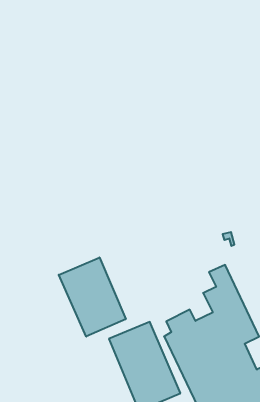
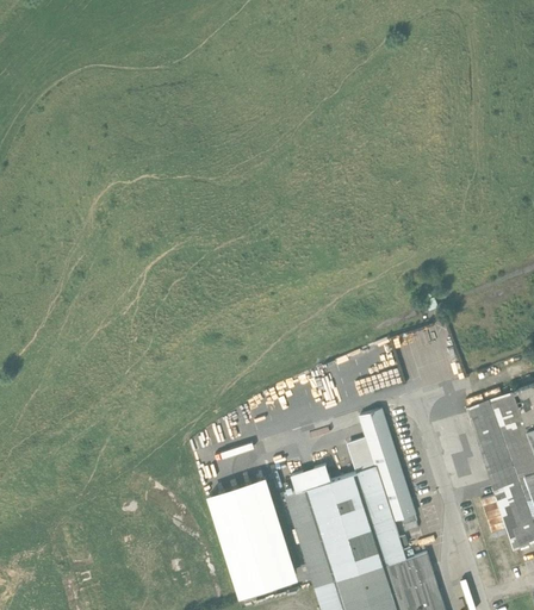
building: [59,257,126,337] -> none

